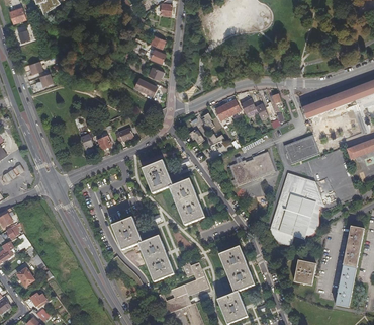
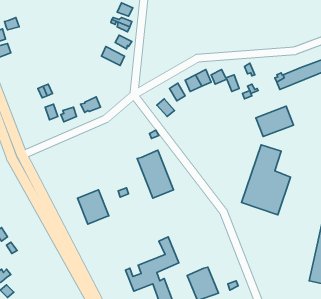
building: [229,152,276,186] -> none
building: [142,160,173,193] -> none
building: [138,235,174,281] -> none
building: [218,246,255,293] -> none
building: [295,261,316,287] -> none

